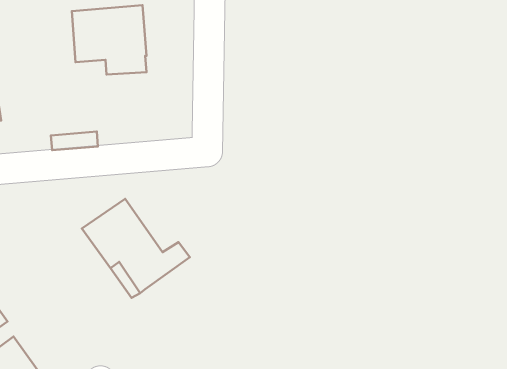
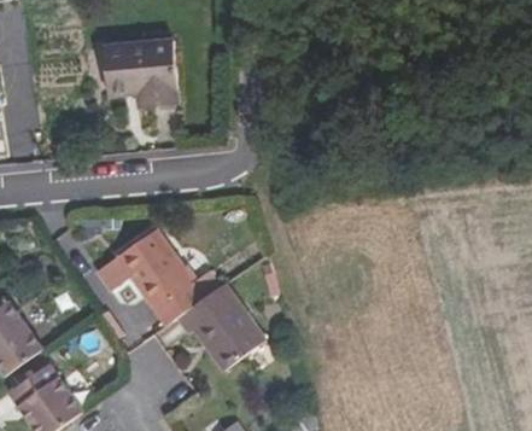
building: none -> [175,281,265,371]

